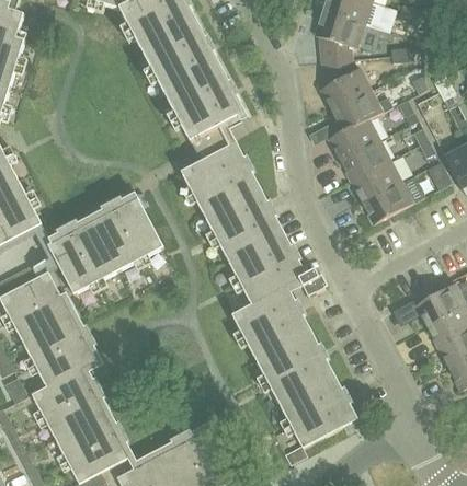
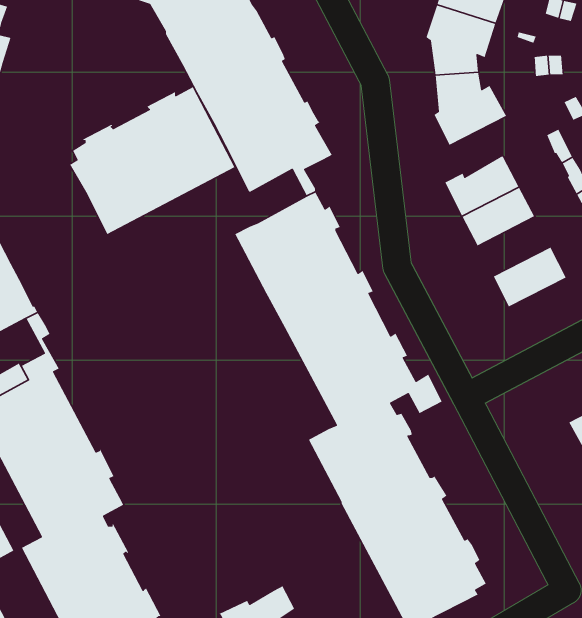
building: [330,90,391,132] -> none
building: [350,160,401,201] -> none
building: [46,190,162,294] -> [69,86,235,235]

